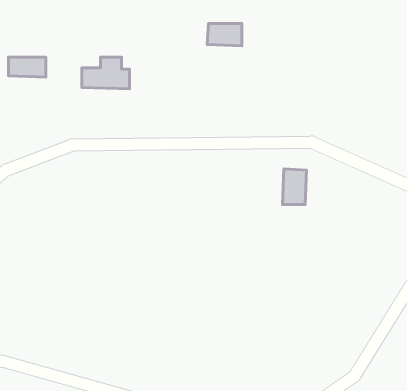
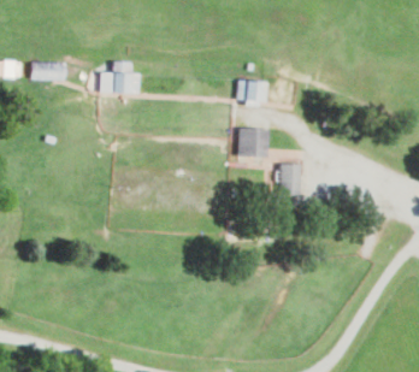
building: [207,23,242,46] -> [237,81,268,101]
building: none -> [238,129,270,158]

